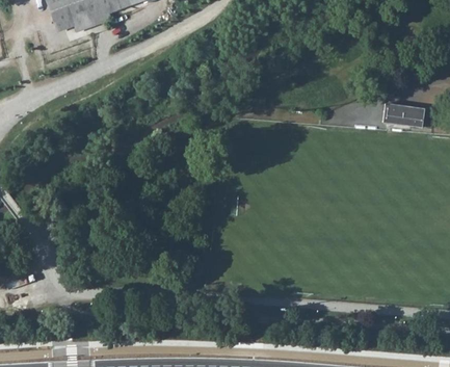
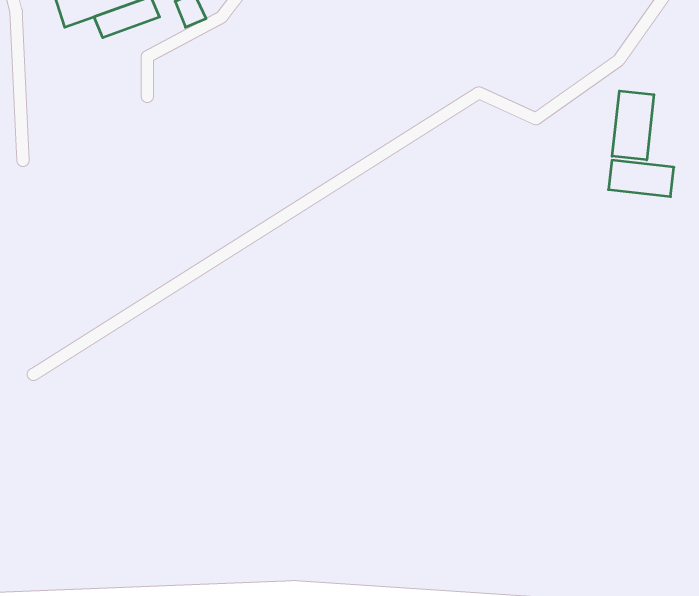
building: none -> [612,91,654,160]

